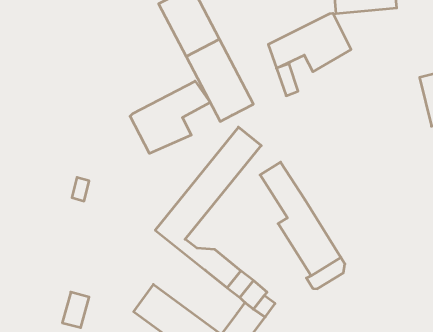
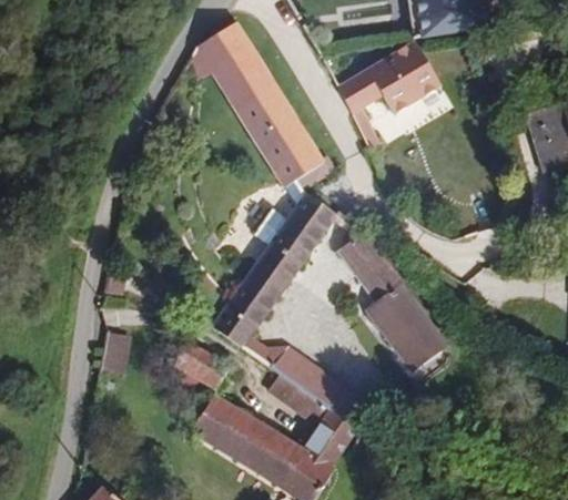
building: [130,81,210,153] -> none
building: none -> [174,340,230,390]
building: none -> [266,373,331,424]
building: [62,292,89,328] -> [100,333,131,376]

